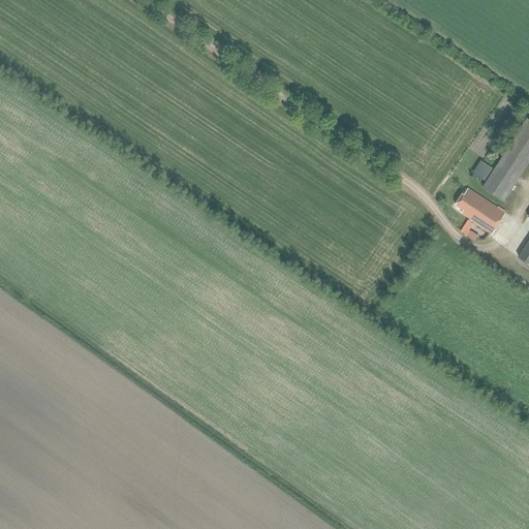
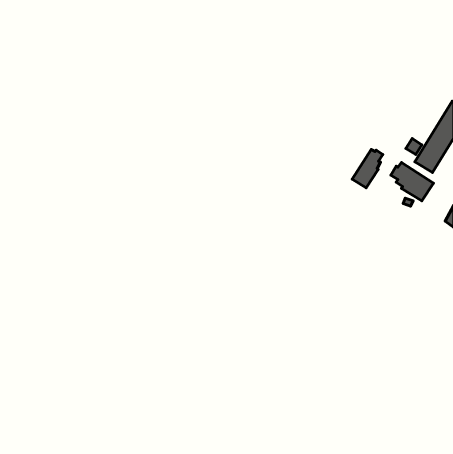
building: none -> [352,150,383,188]

